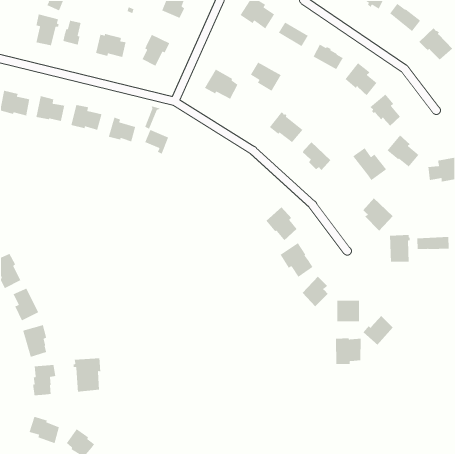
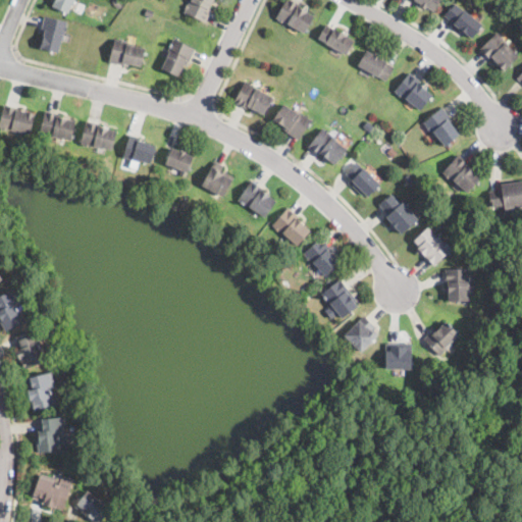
building: [62,20,82,45] -> none
building: [250,62,282,92] -> [274,105,311,140]
building: none -> [202,162,233,198]
building: [352,147,387,181] -> [378,195,418,233]
building: none -> [238,179,276,218]
building: none -> [272,211,310,247]
building: [417,236,449,250] -> none
building: [362,315,394,345] -> [423,321,459,356]
building: [335,337,361,365] -> none
building: [73,358,101,393] -> none

